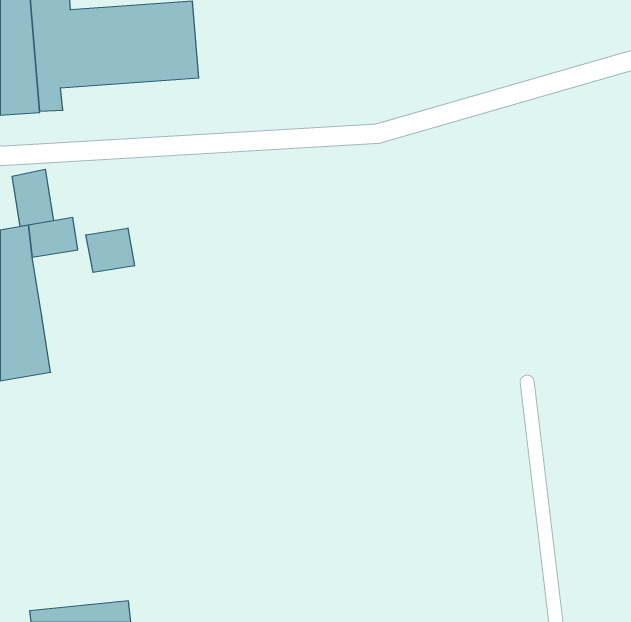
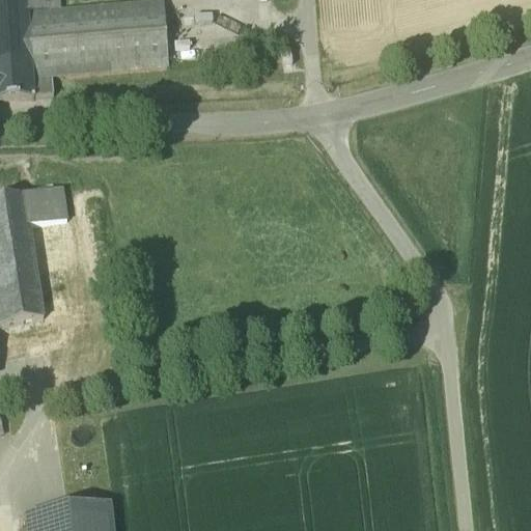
building: [12,169,54,226] -> none
building: [86,228,134,272] -> none

